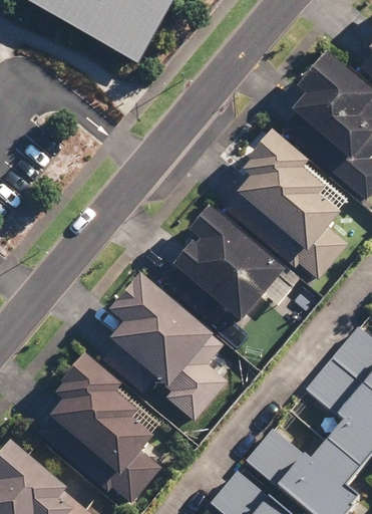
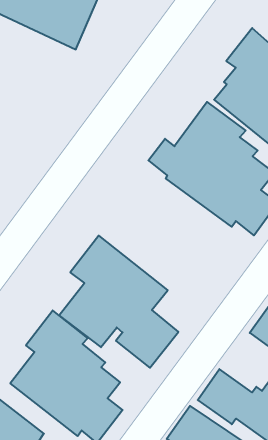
building: [159,206,299,325] -> none

